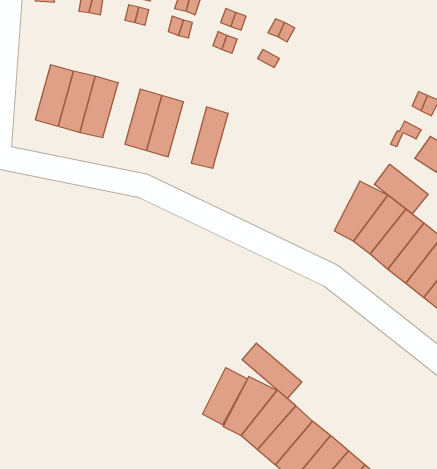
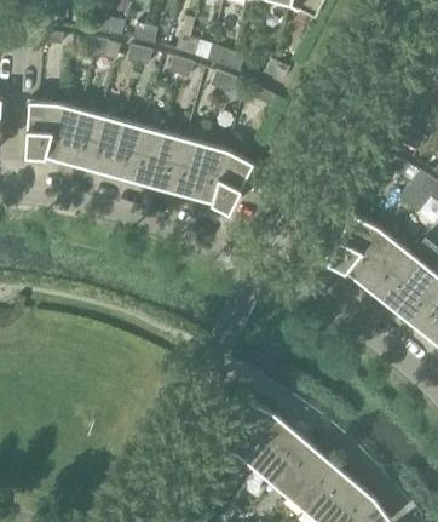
building: none -> [25,102,58,156]
building: none -> [108,121,143,179]
building: none -> [169,139,206,197]
building: none -> [212,150,253,211]
building: [374,164,428,214] -> none
building: [242,343,302,399] -> none
building: [203,368,248,425] -> none

